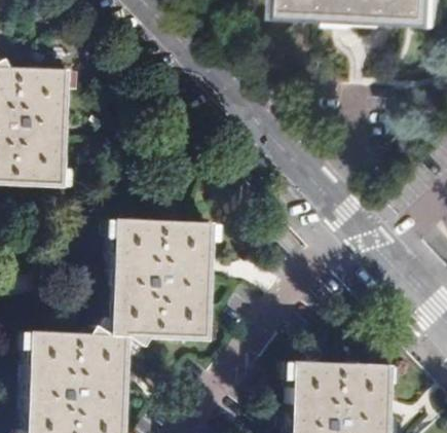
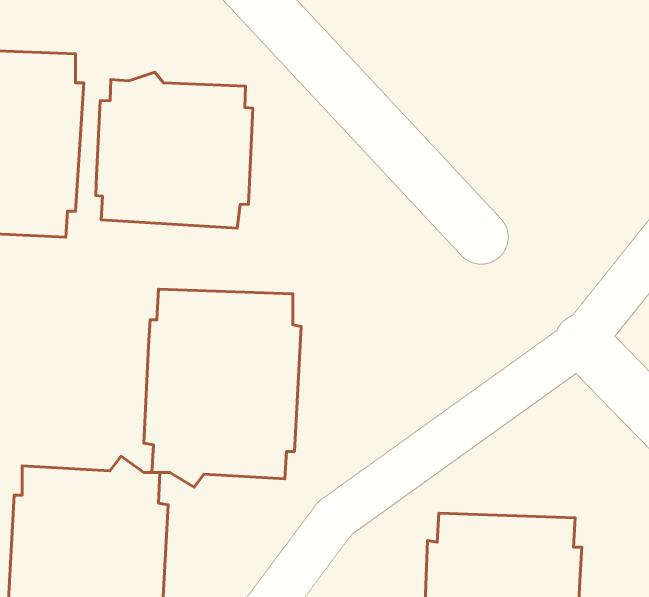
building: none -> [96,72,253,228]

